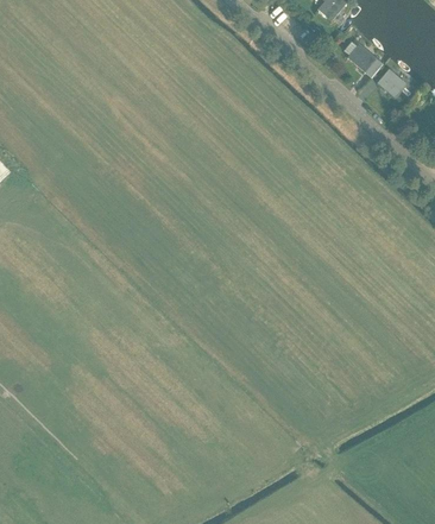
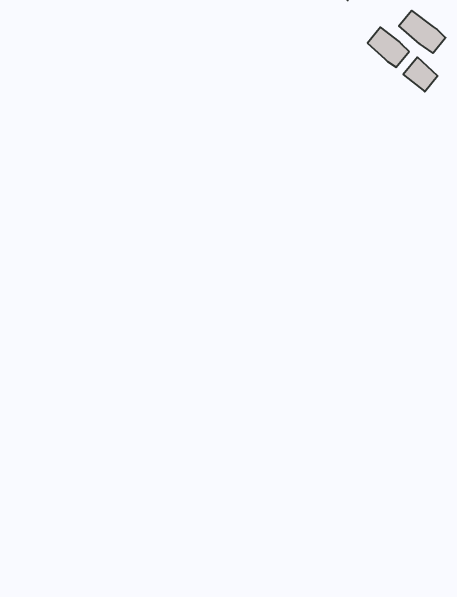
building: none -> [399,11,446,53]

